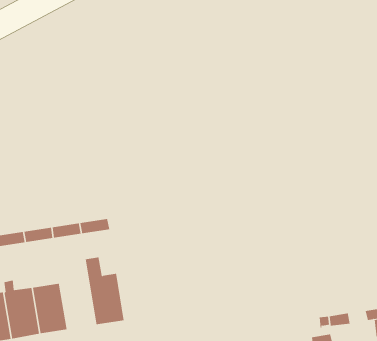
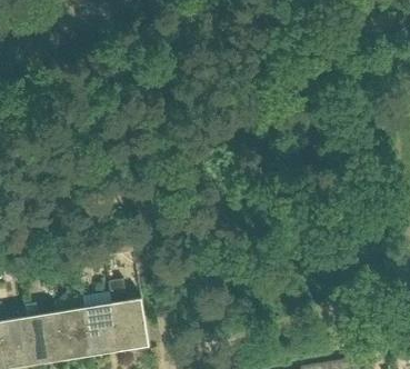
building: none -> [81,305,118,356]

